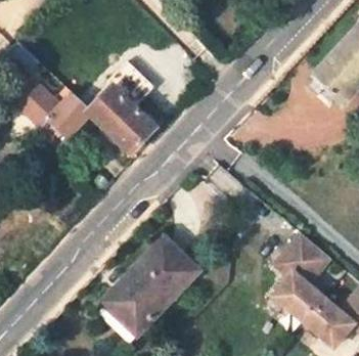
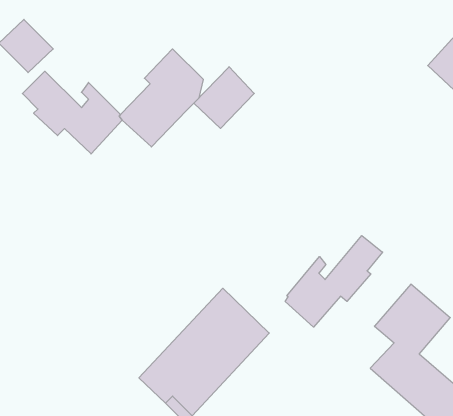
building: [111,106,155,151] -> [194,67,254,128]
building: none -> [285,236,383,327]

